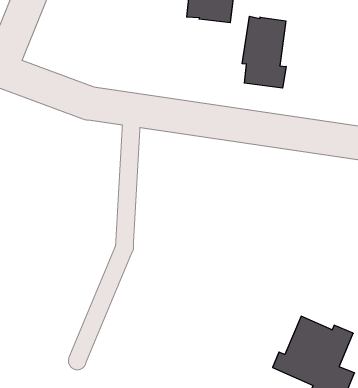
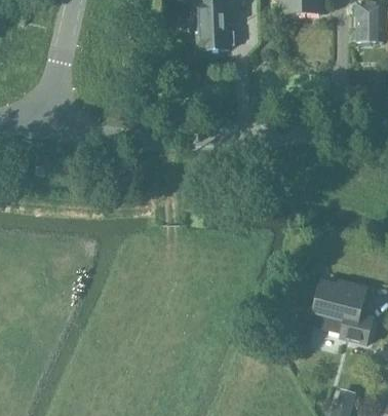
building: [242,16,286,88] -> none

